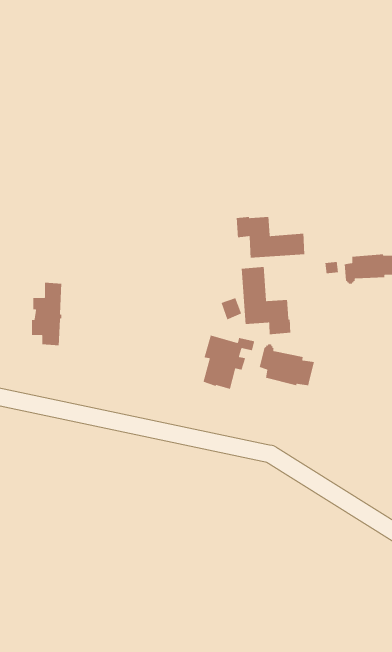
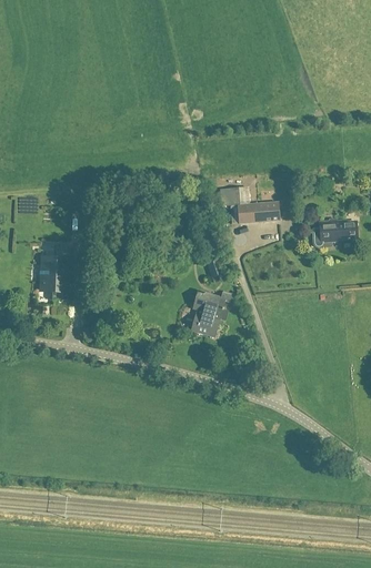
building: [241,266,291,335] -> none
building: [259,343,315,386] -> none

